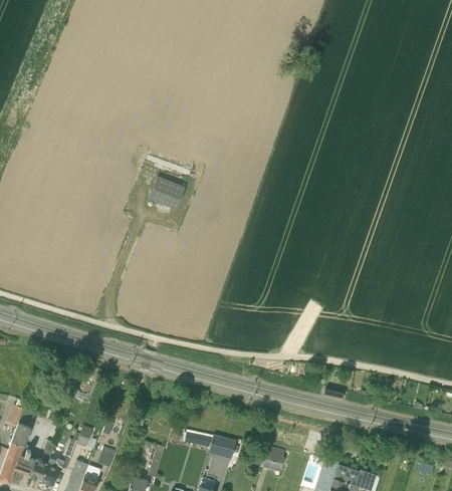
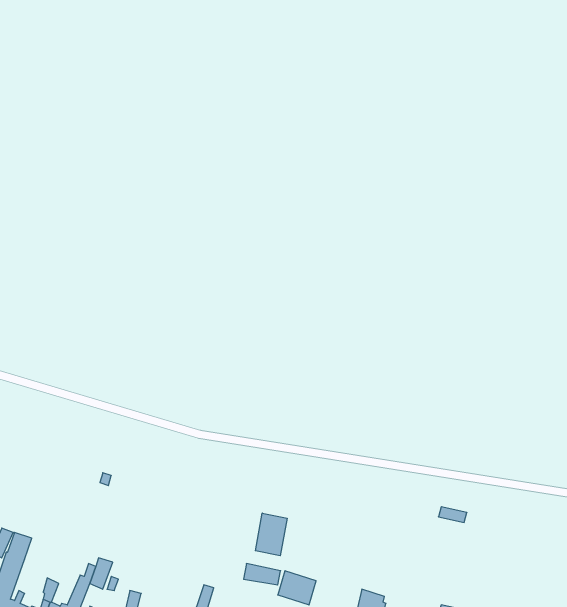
building: [148,176,185,210] -> none
building: none -> [255,513,287,556]

